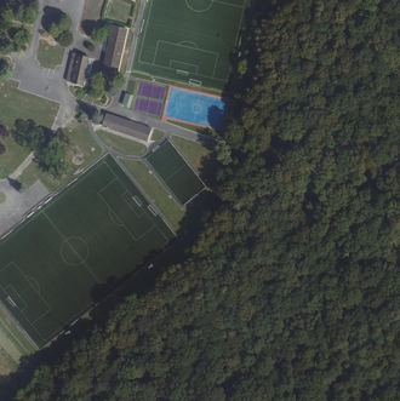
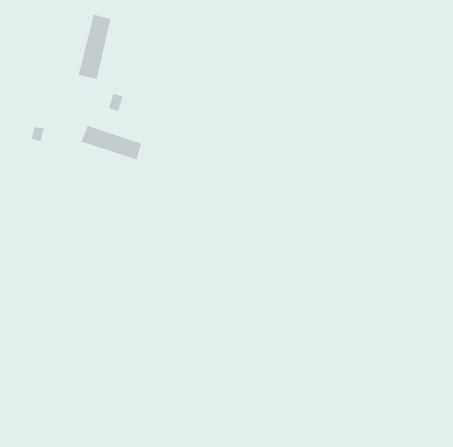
building: [64,55,92,84] -> none

